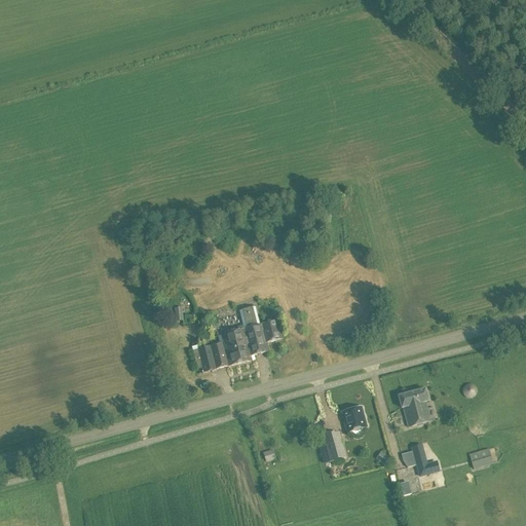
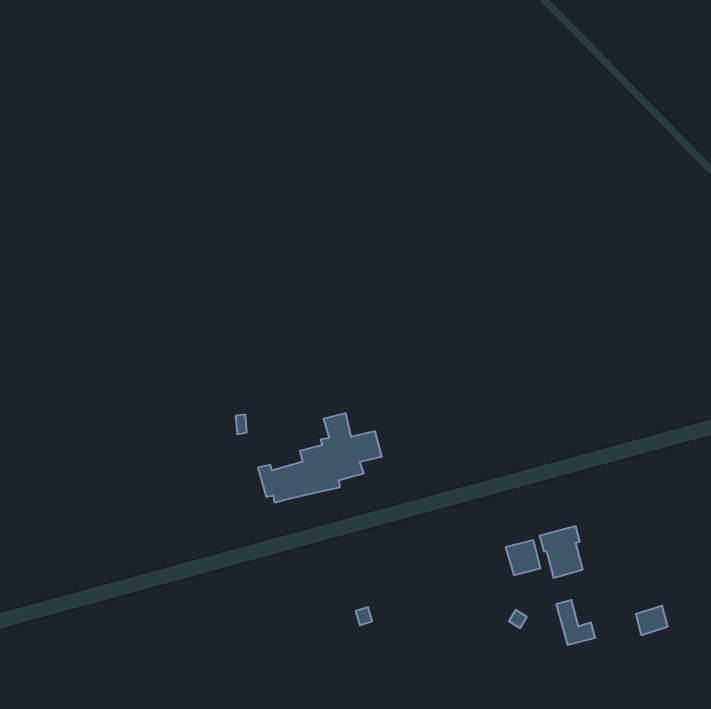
building: [340,405,366,430] -> [506,540,540,575]
building: [321,429,345,460] -> none

